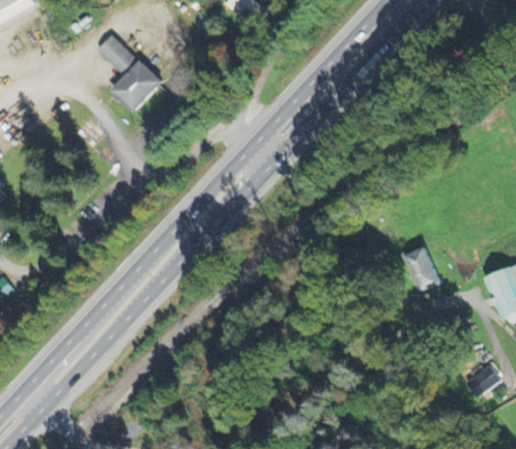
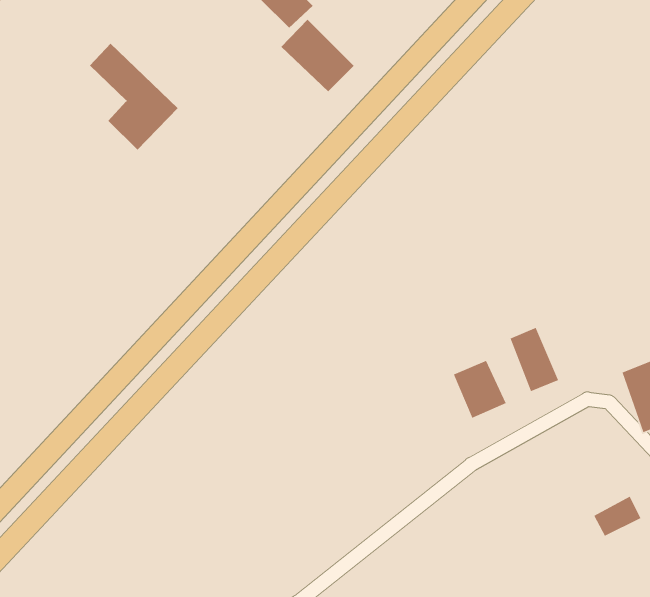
building: none -> [280,19,355,92]
building: none -> [453,360,507,419]

